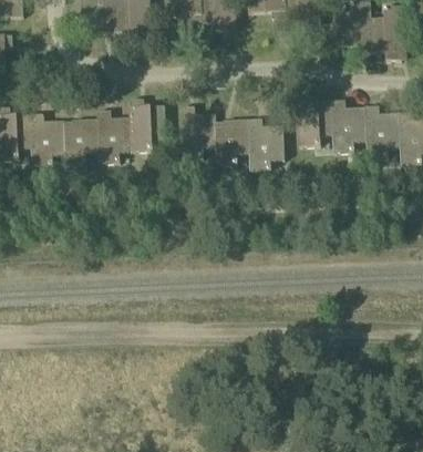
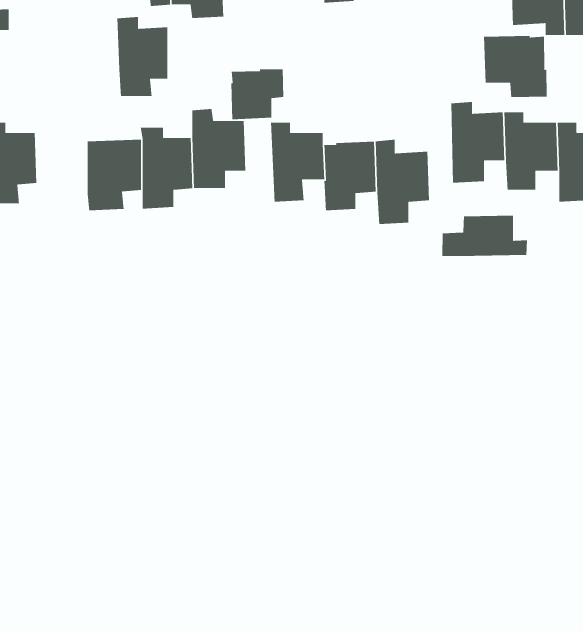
building: none -> [483,35,547,98]
building: none -> [230,68,284,120]
building: [30,112,63,164] -> [117,16,168,97]
building: none -> [442,215,528,257]

